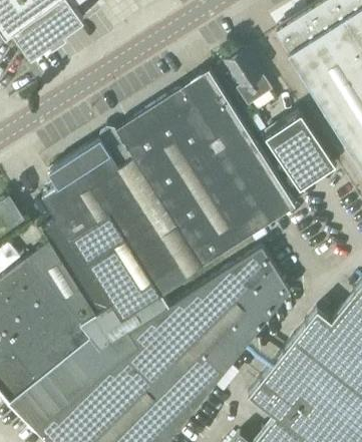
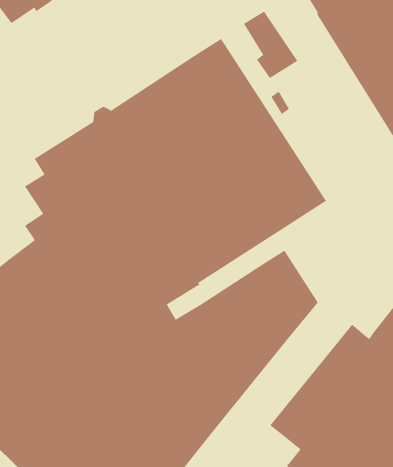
building: [264,112,334,187] -> none

